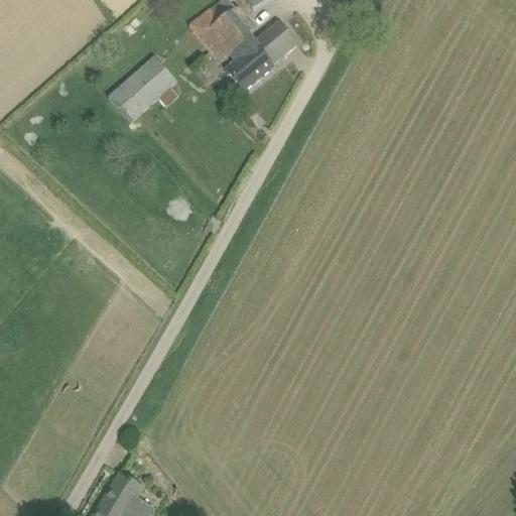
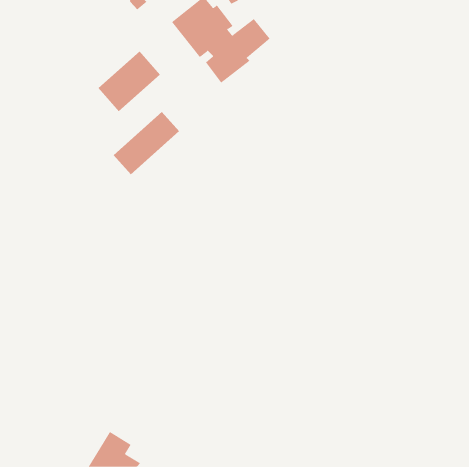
building: none -> [113,111,180,175]

